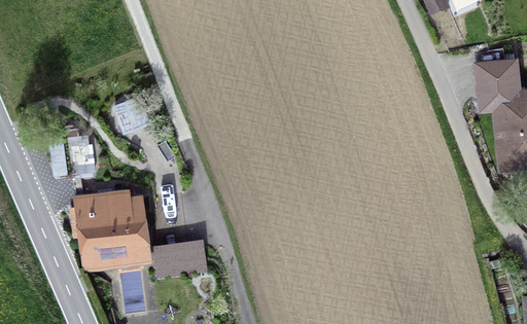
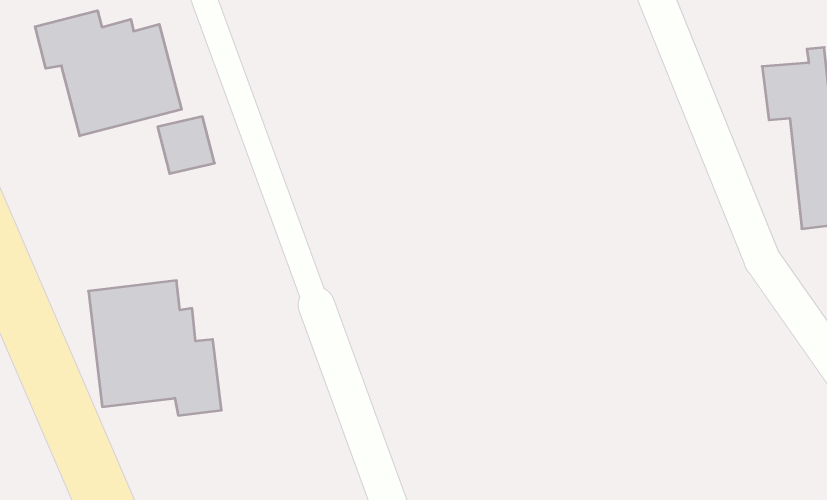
building: none -> [35,11,182,136]
building: [156,239,208,276] -> none

